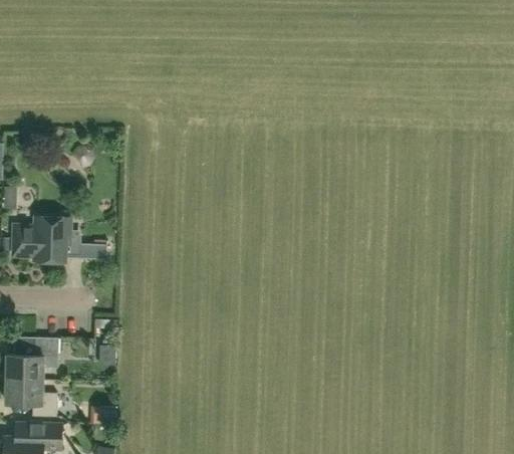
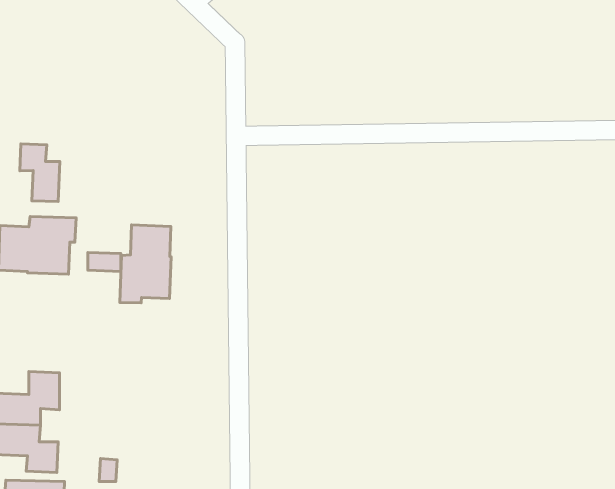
building: none -> [20,144,60,202]
building: none -> [120,225,171,303]

